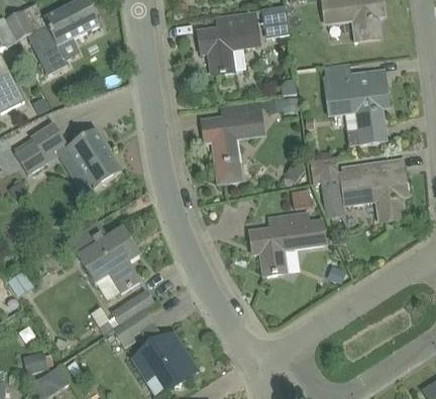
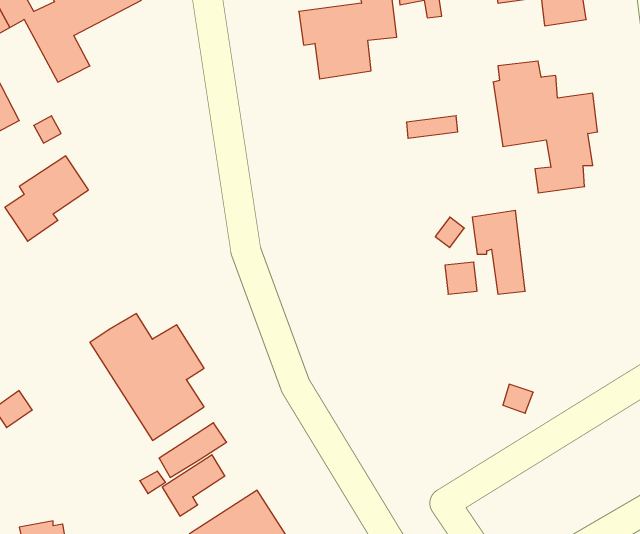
building: [203,101,265,182] -> none
building: [68,129,121,188] -> none
building: [338,160,407,219] -> none
building: [250,212,326,273] -> none

